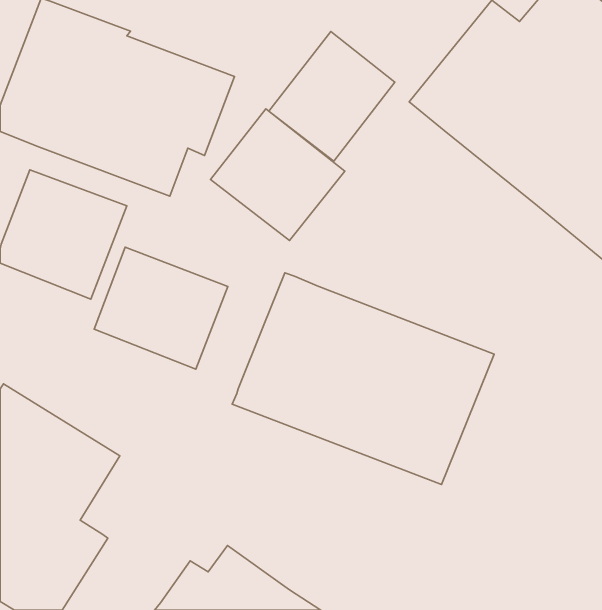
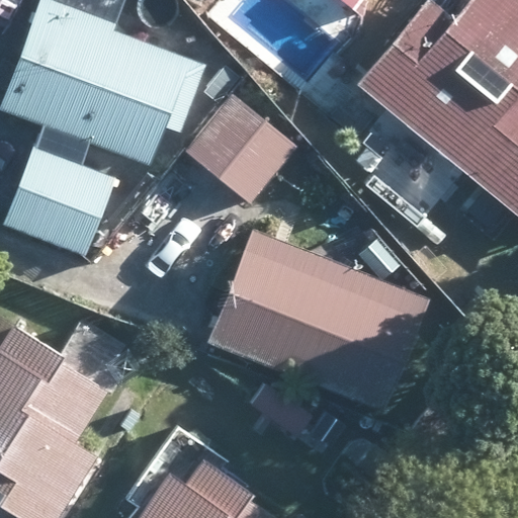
building: [269,32,395,161] -> none
building: [94,247,228,369] -> none

